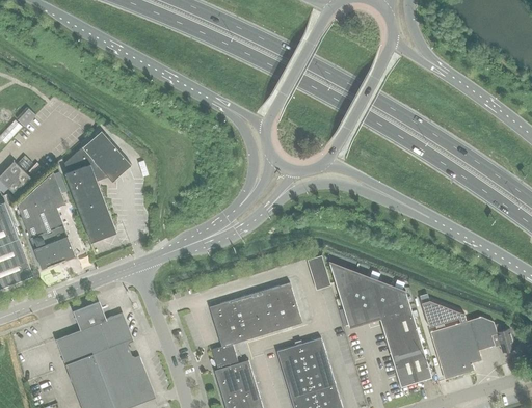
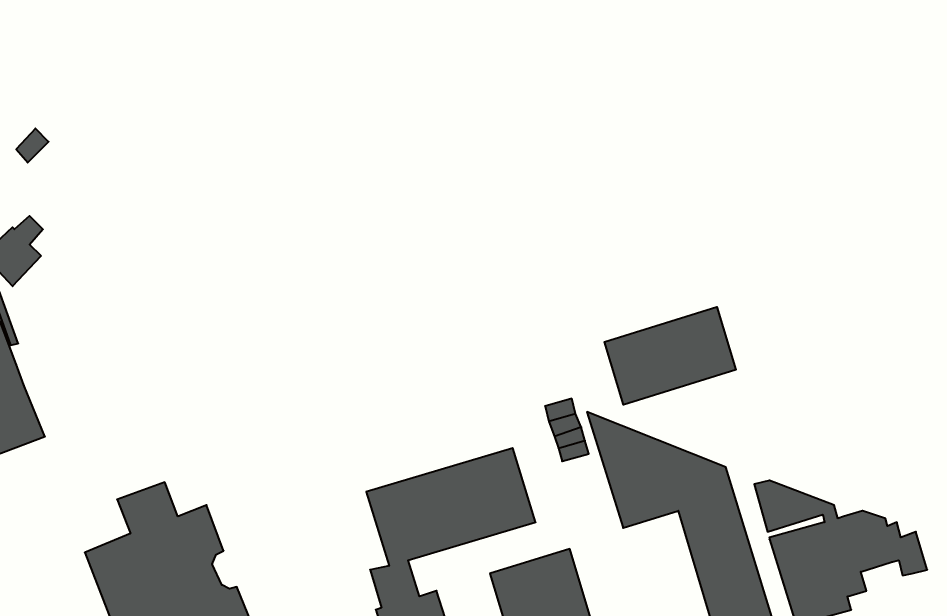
building: [64,131,131,242] -> none
building: [17,172,75,269] -> none
building: none -> [604,307,736,405]

